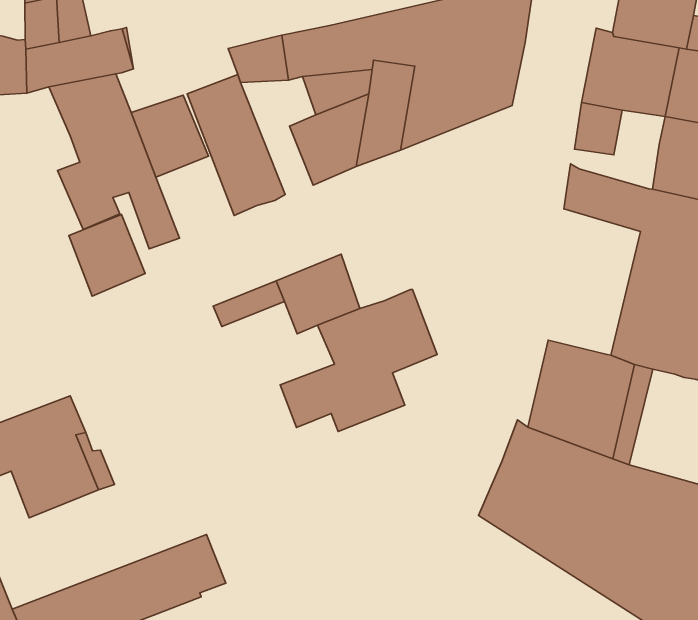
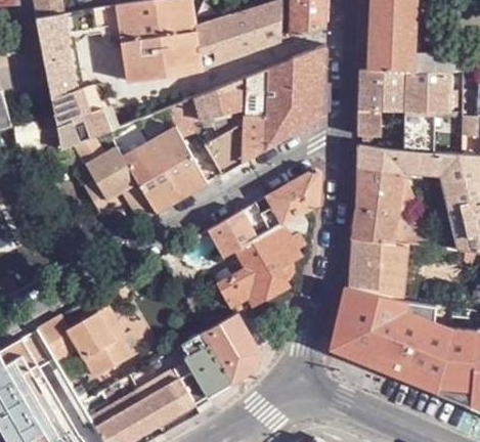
building: none -> [260,166,319,232]
building: none -> [351,169,400,244]
building: [69,214,145,296] -> [136,169,180,215]
building: none -> [178,314,261,397]

